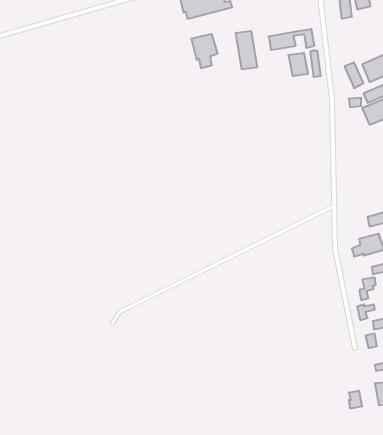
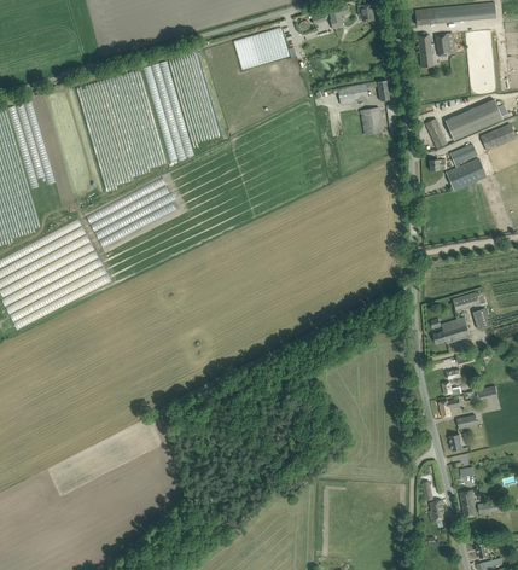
building: [236,31,257,69] -> none
building: [191,34,217,68] -> none

